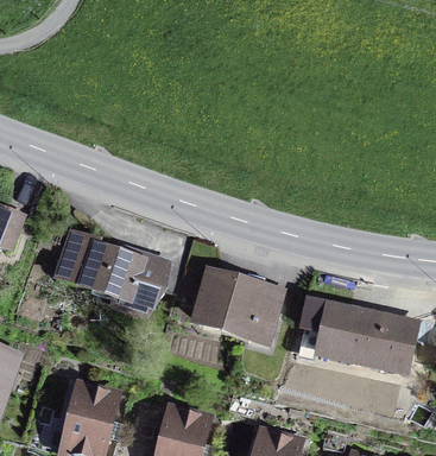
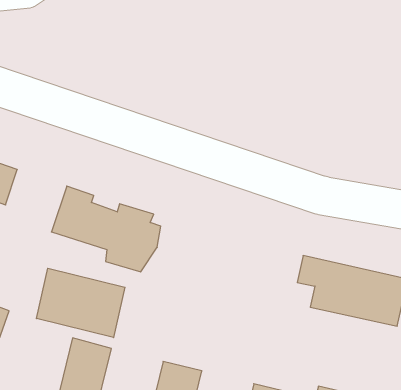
building: [198,272,280,338] -> none
building: none -> [36,268,125,338]

